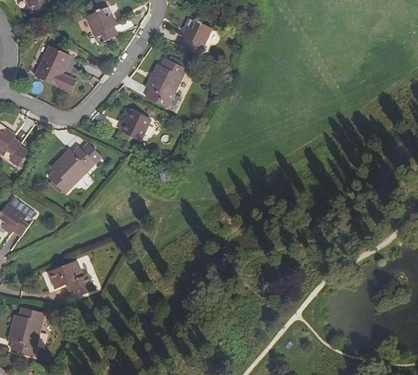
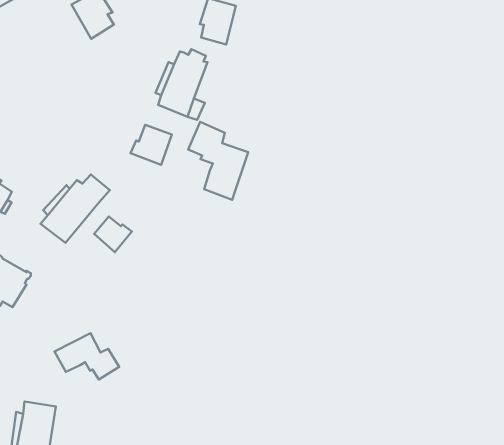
building: [37,41,78,87] -> none
building: none -> [188,122,248,200]
building: none -> [94,217,132,252]

